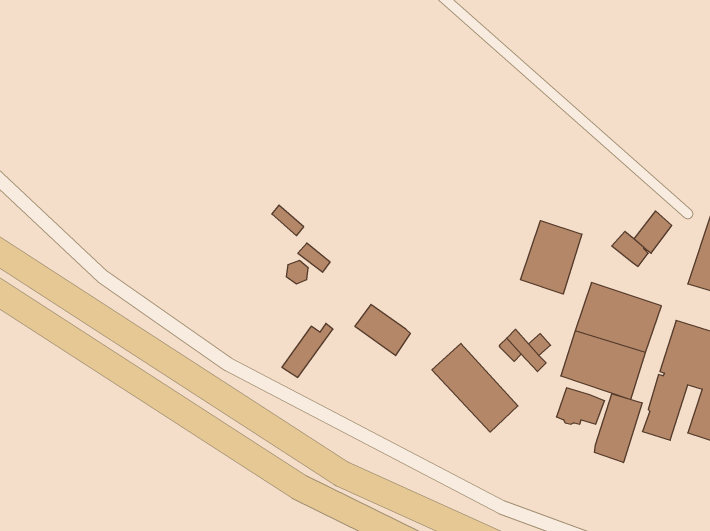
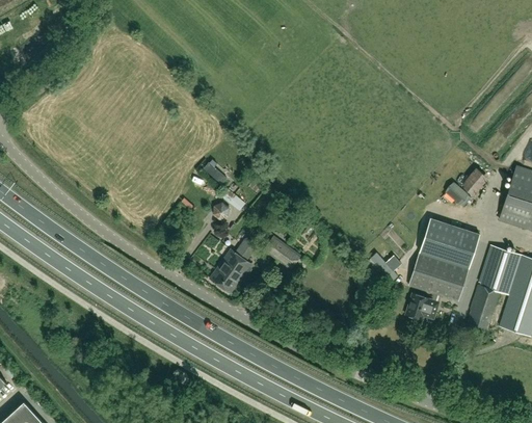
building: [521,221,582,294] -> none
building: none -> [221,252,251,293]
building: [432,343,518,432] -> none
building: [594,394,642,463] -> none

